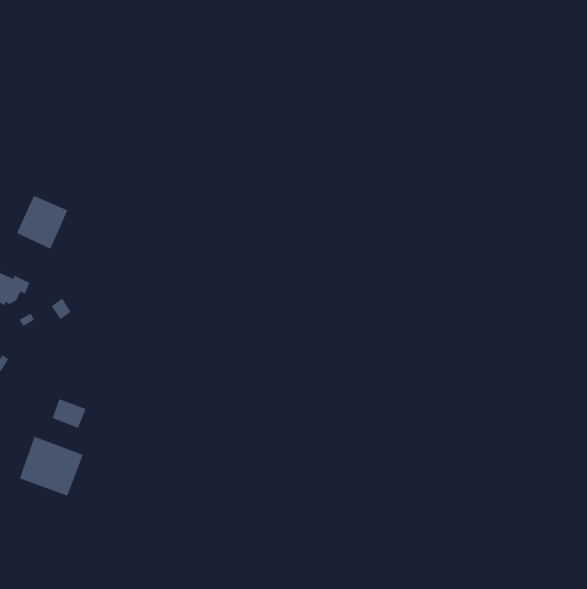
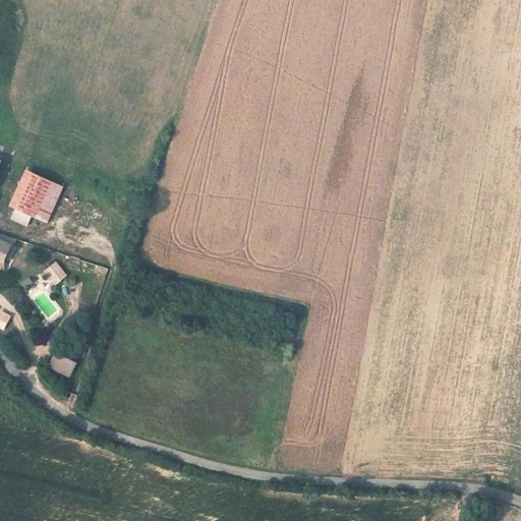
building: [19,436,83,496] -> none

